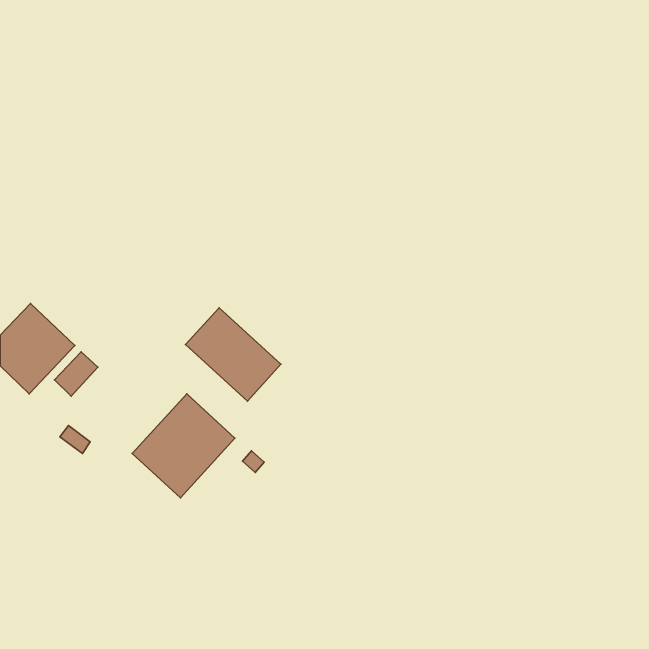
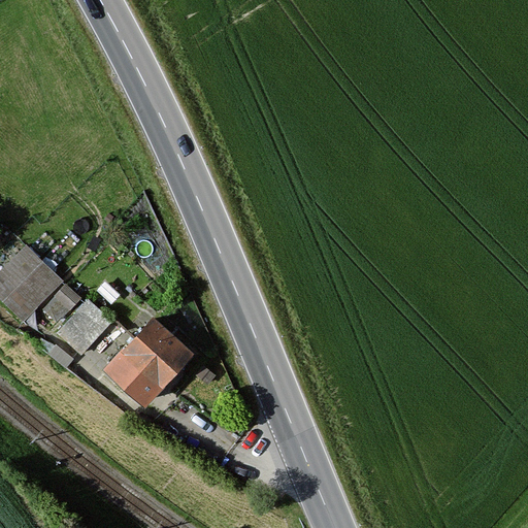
building: [186,308,281,401] -> none
building: none -> [59,300,111,354]

